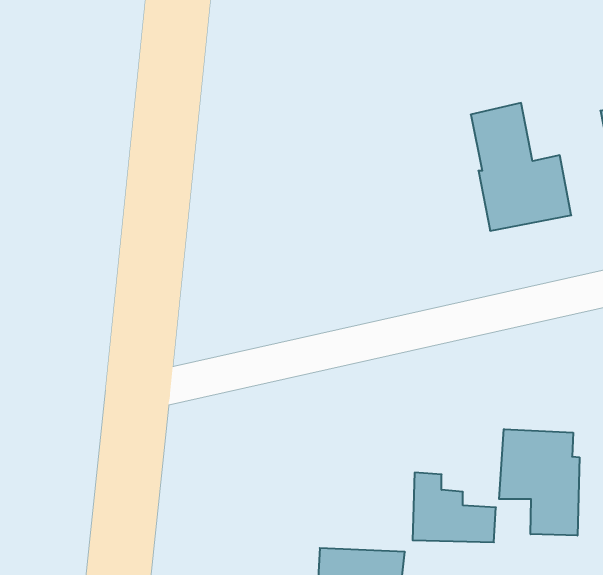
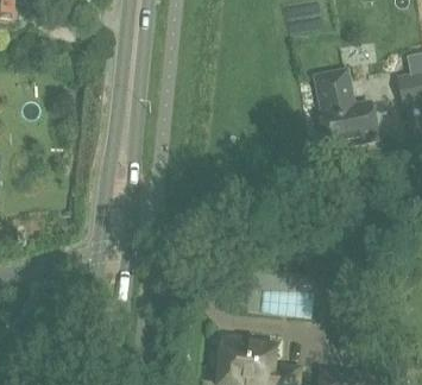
building: [499,429,579,536] -> none

